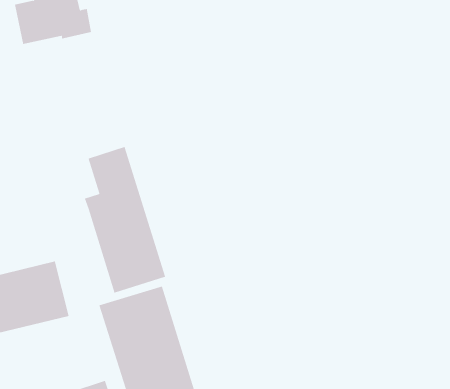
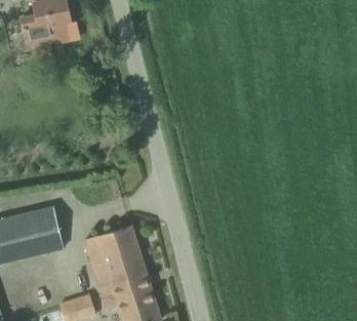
building: [84,146,166,294] -> none

